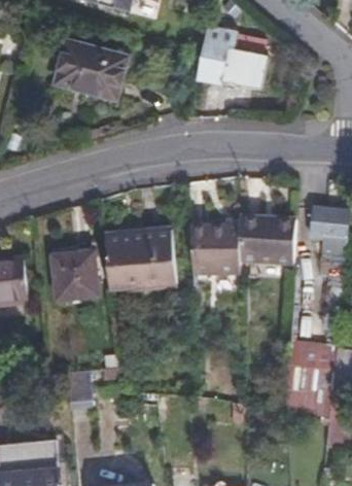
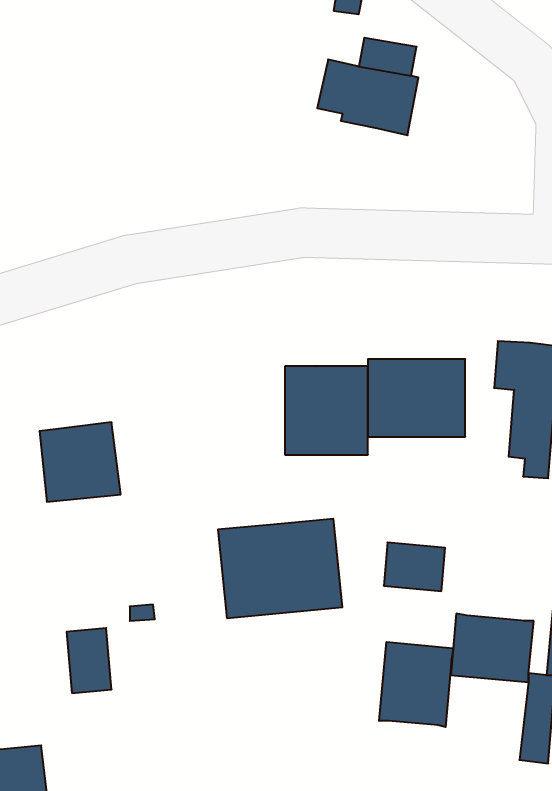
building: [55,41,122,97] -> none
building: [103,233,174,289] -> [218,519,342,618]
building: [293,340,328,368] -> [384,542,445,591]
building: none -> [379,642,453,727]

